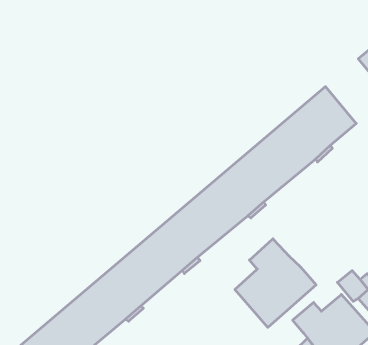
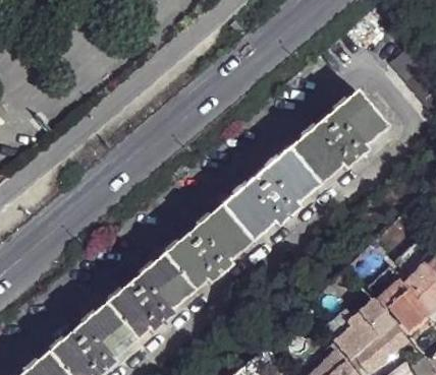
building: [235,239,316,327] -> none

